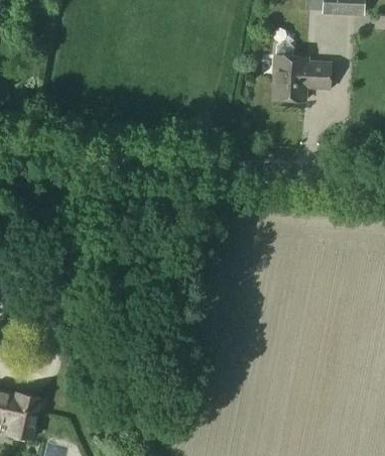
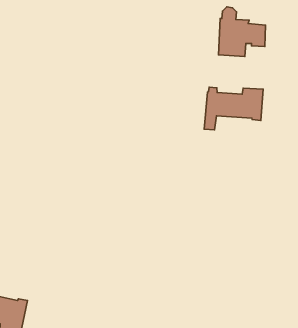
building: none -> [204,87,263,130]

